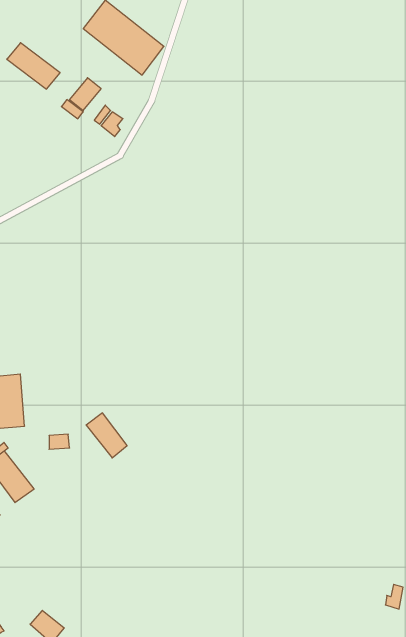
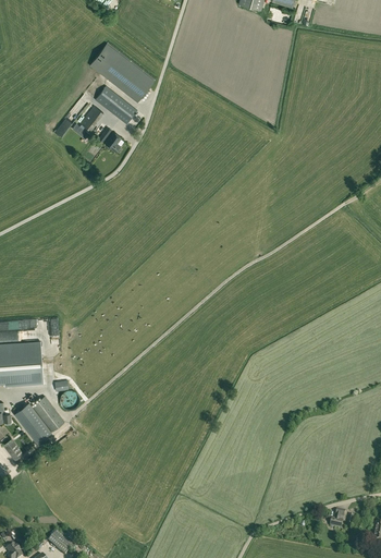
building: [7,43,60,89] -> [95,86,137,123]
building: [86,413,127,458] -> [32,396,64,432]

